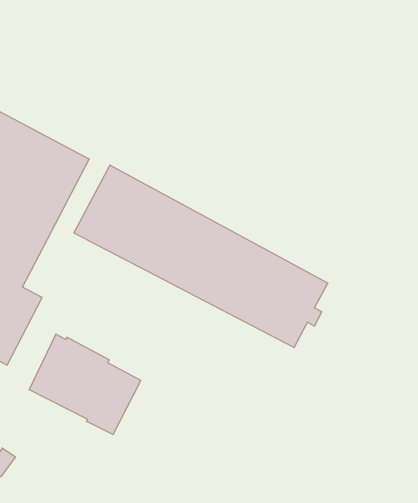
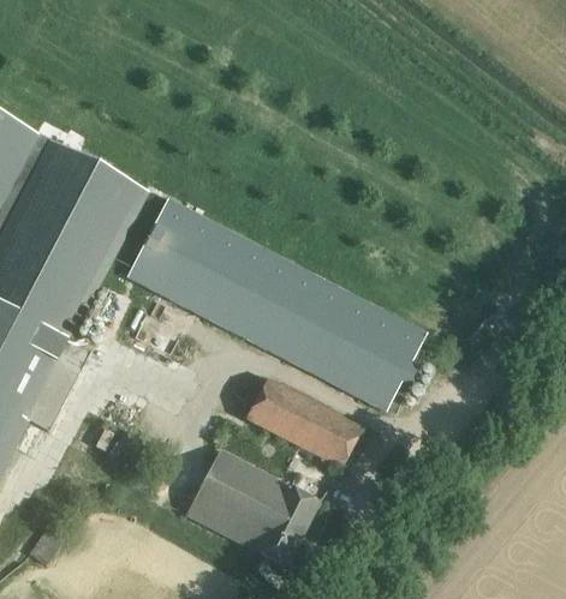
building: none -> [236,375,362,468]
building: [29,334,141,435] -> [187,448,318,565]

